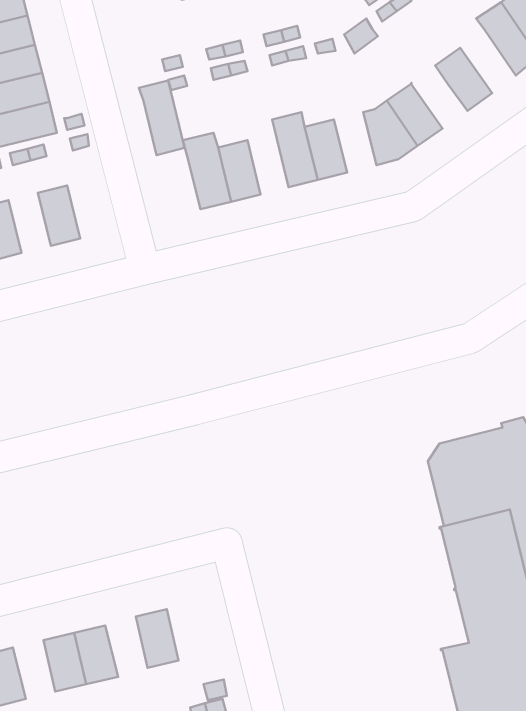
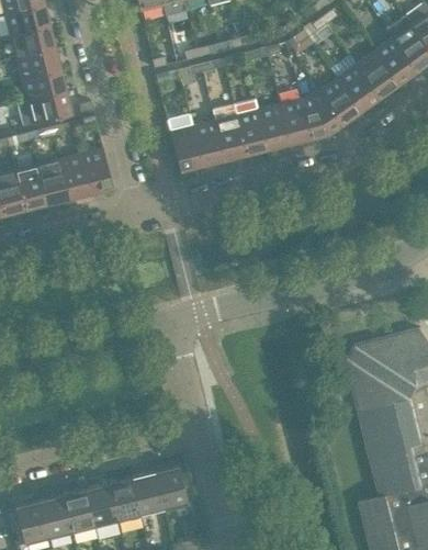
building: none -> [374,38,416,86]
building: none -> [331,56,380,112]
building: [139,80,184,155] -> [212,105,246,161]
building: none -> [280,100,312,145]
building: none -> [80,149,113,194]
building: none -> [36,160,68,205]
building: none -> [155,467,188,510]
building: none -> [109,478,140,523]
building: none -> [40,495,71,539]

